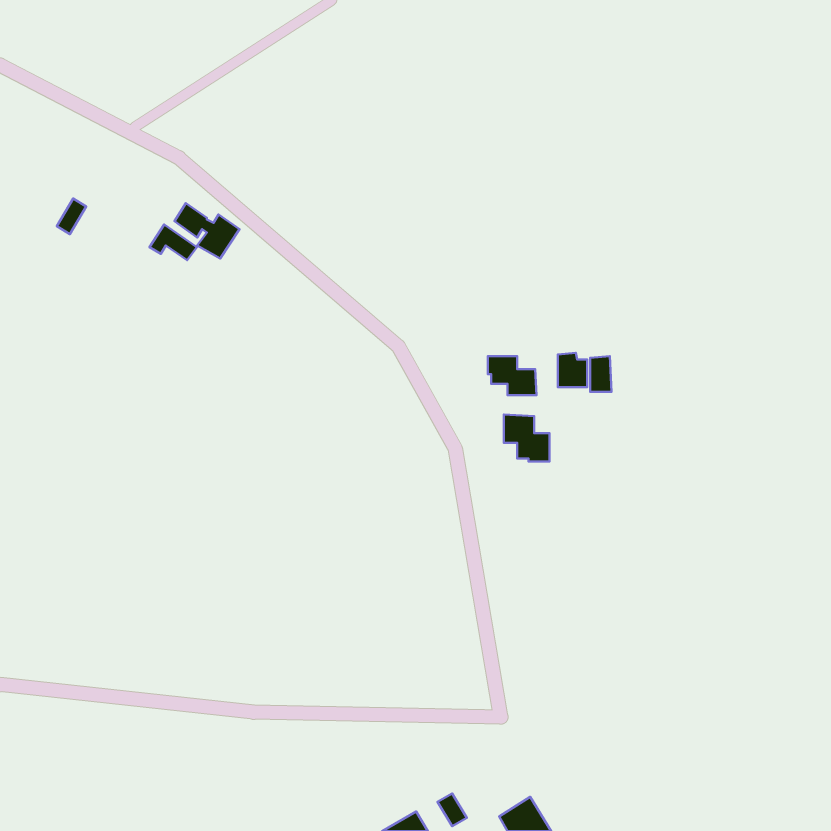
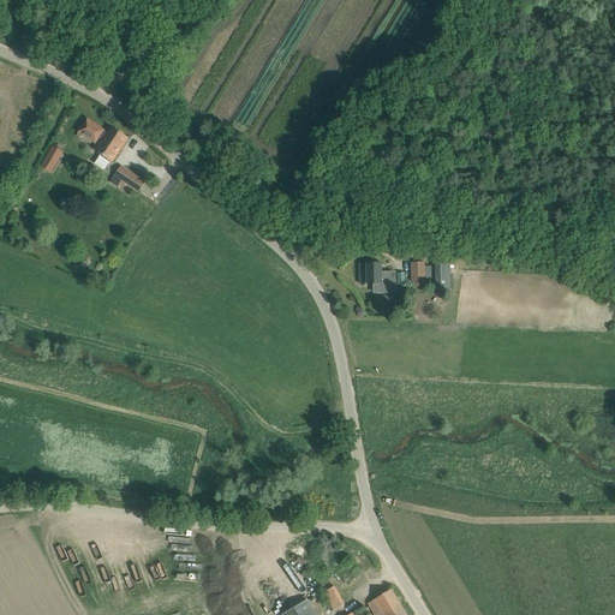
building: [174,203,240,259] -> [79,119,127,160]
building: [504,414,549,462] -> none

